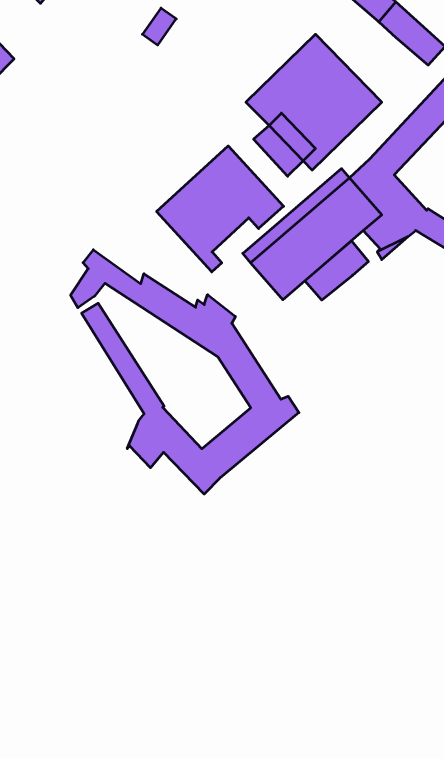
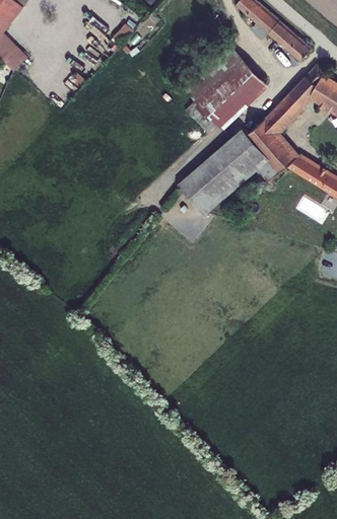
building: [157,146,284,272] -> none
building: [305,241,368,300] -> none
building: [71,250,299,494] -> none

